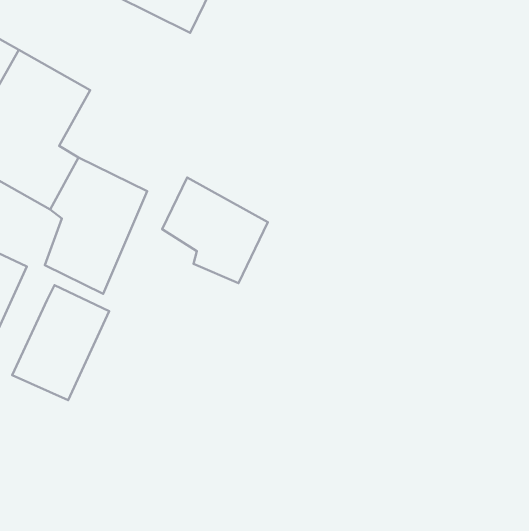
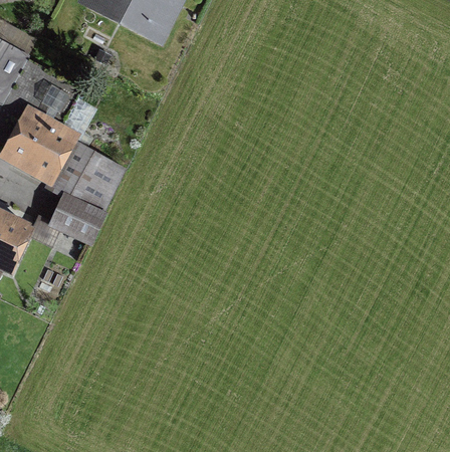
building: [162,178,268,283] -> none
building: [12,285,109,400] -> none

